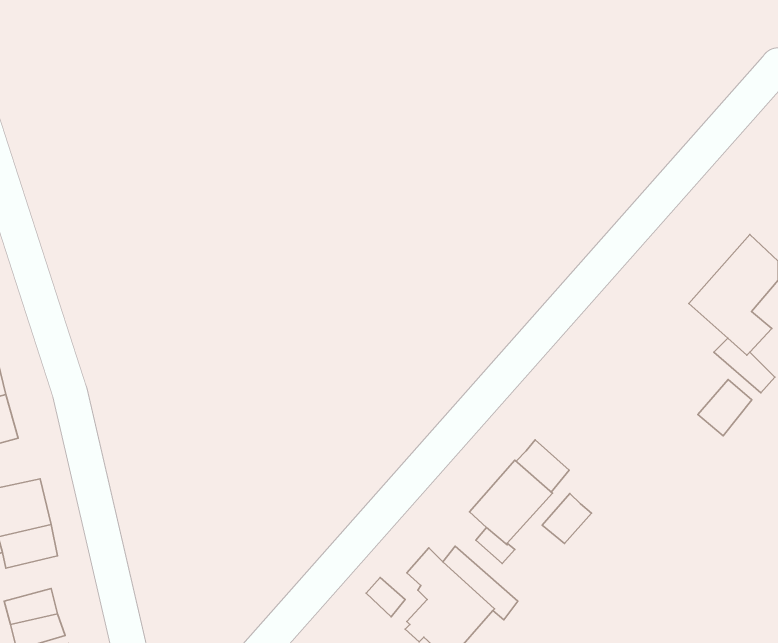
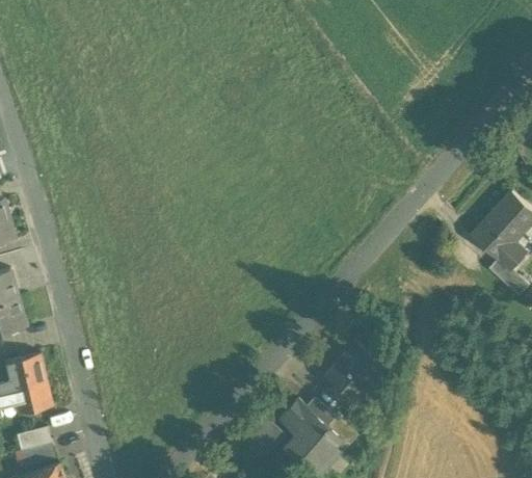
building: [698,379,752,436] -> none
building: [516,440,569,492] -> none
building: [542,494,591,543] -> none

